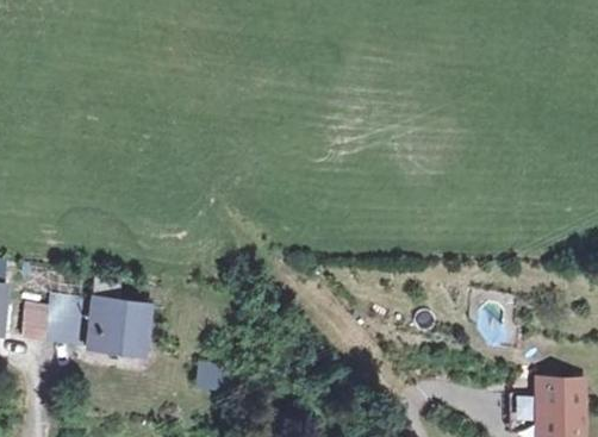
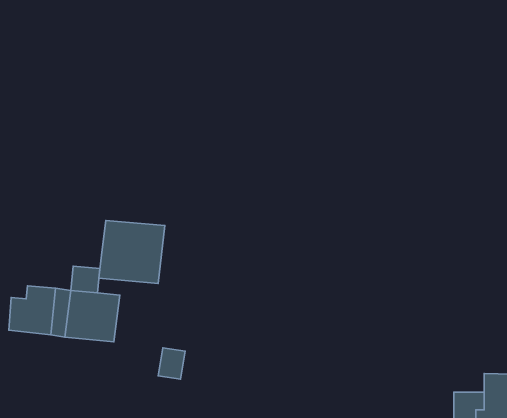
building: none -> [99,220,165,283]

